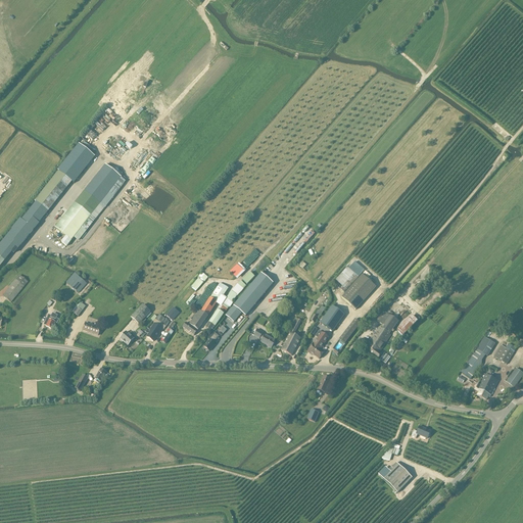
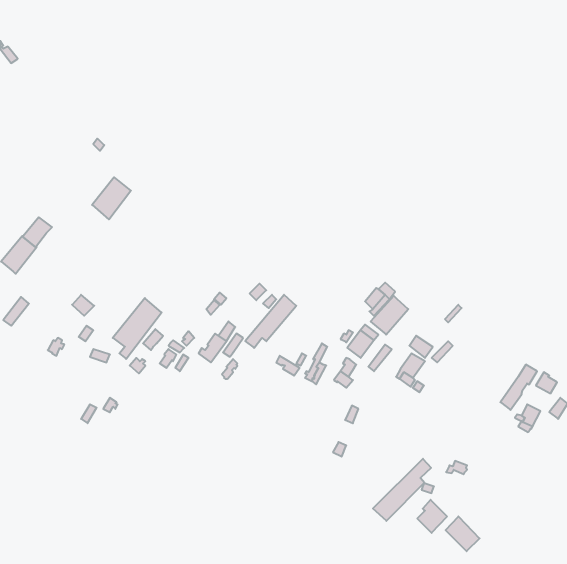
building: [57,142,95,182] -> none
building: [55,189,100,245] -> [113,298,162,359]
building: none -> [373,459,431,521]
building: none -> [446,516,480,551]

